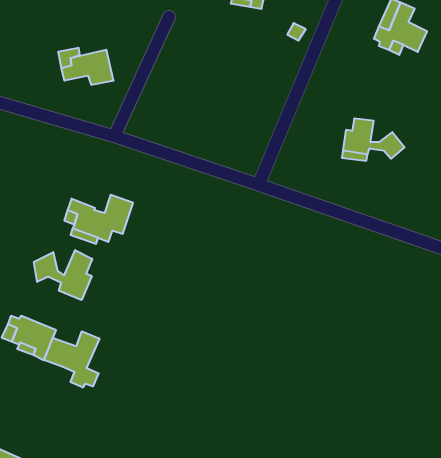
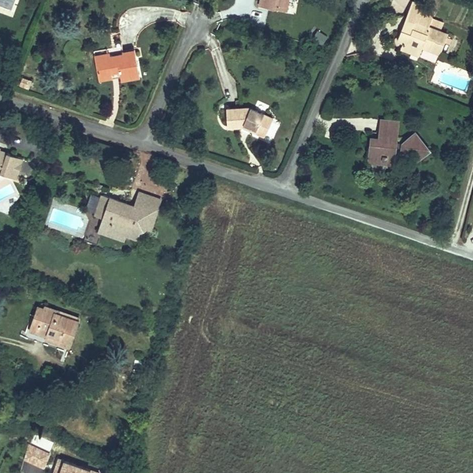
building: none -> [225,104,270,135]
building: [34,250,92,300] -> none
building: [44,331,99,388] -> none

